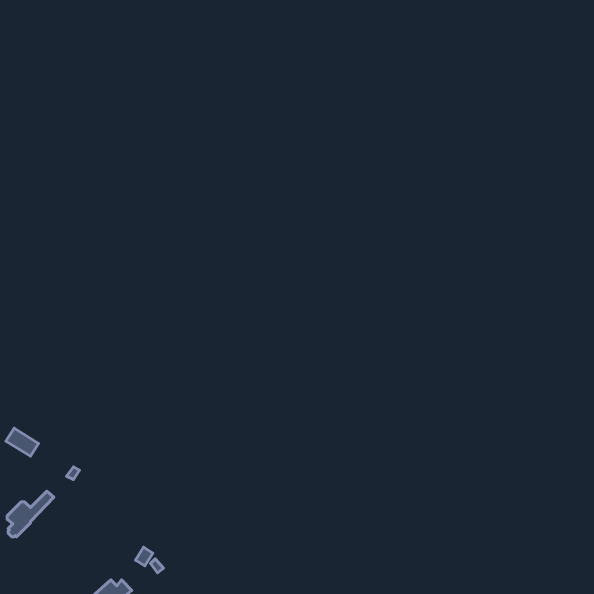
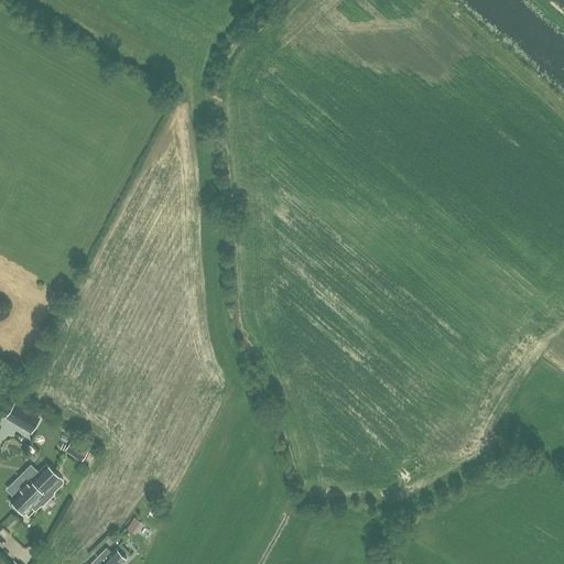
building: none -> [15,471,61,516]

